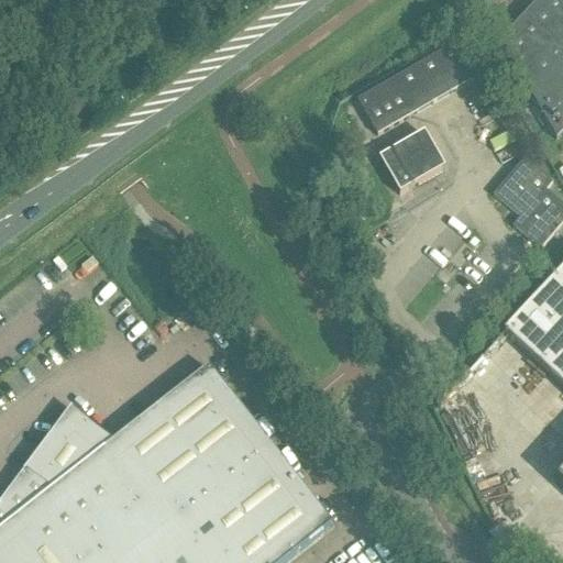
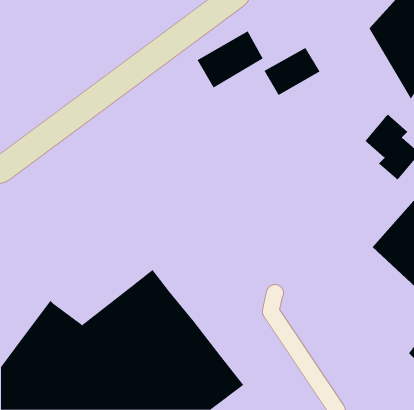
building: [416,40,476,97] -> none
building: none -> [197,31,263,89]
building: [380,130,445,190] -> none

